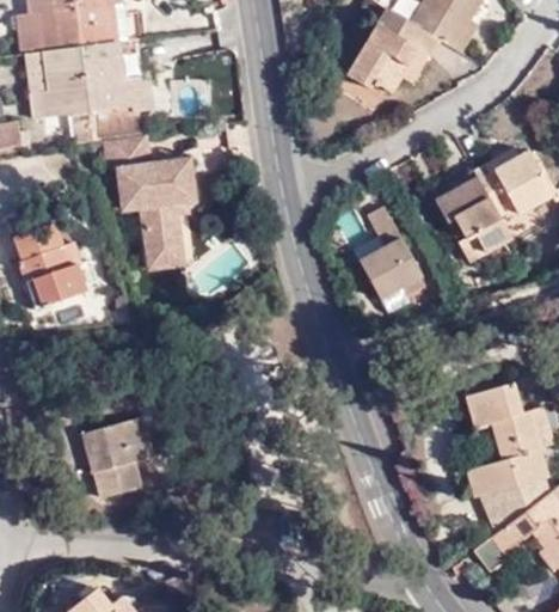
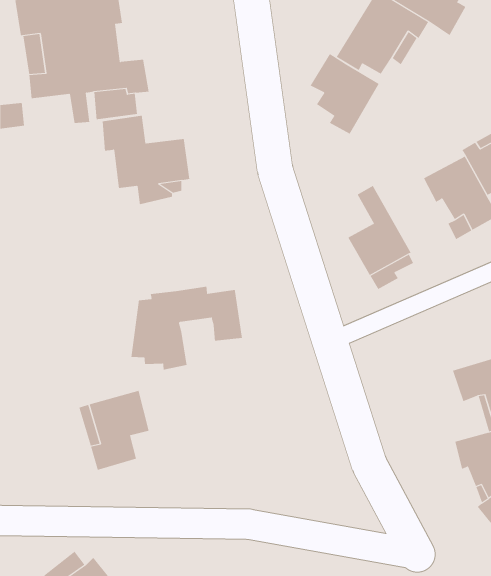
building: none -> [310,53,380,135]
building: [143,219,184,270] -> none
building: [12,224,87,311] -> none
building: none -> [131,286,242,371]

